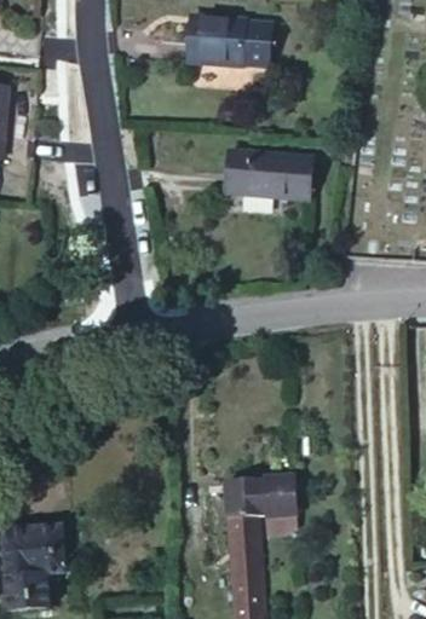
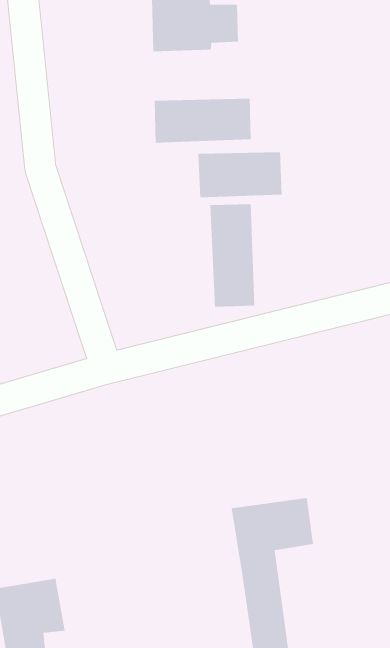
building: none -> [154,98,251,143]
building: none -> [210,203,255,308]

